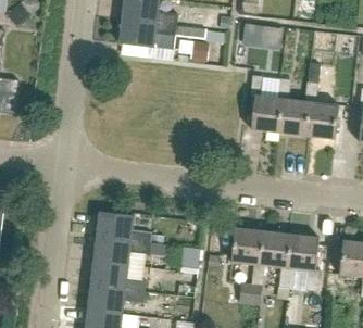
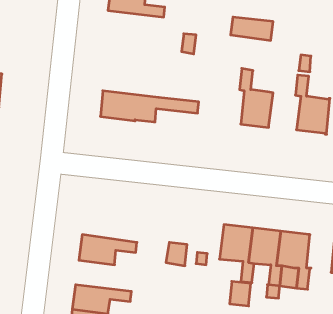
building: [120,17,215,48] -> [100,91,199,122]
building: [277,77,310,134] -> none
building: [97,211,152,243] -> none
building: [90,261,146,291] -> none

